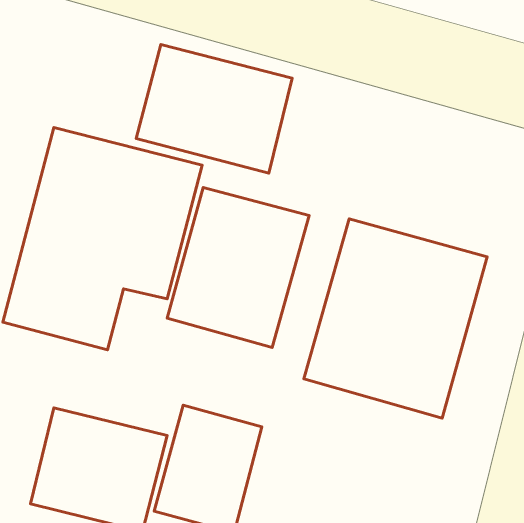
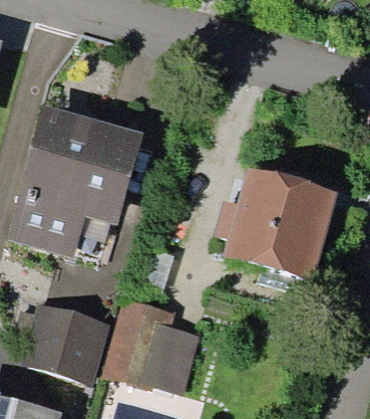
building: [136,44,292,173] -> none
building: [167,187,309,348] -> none

